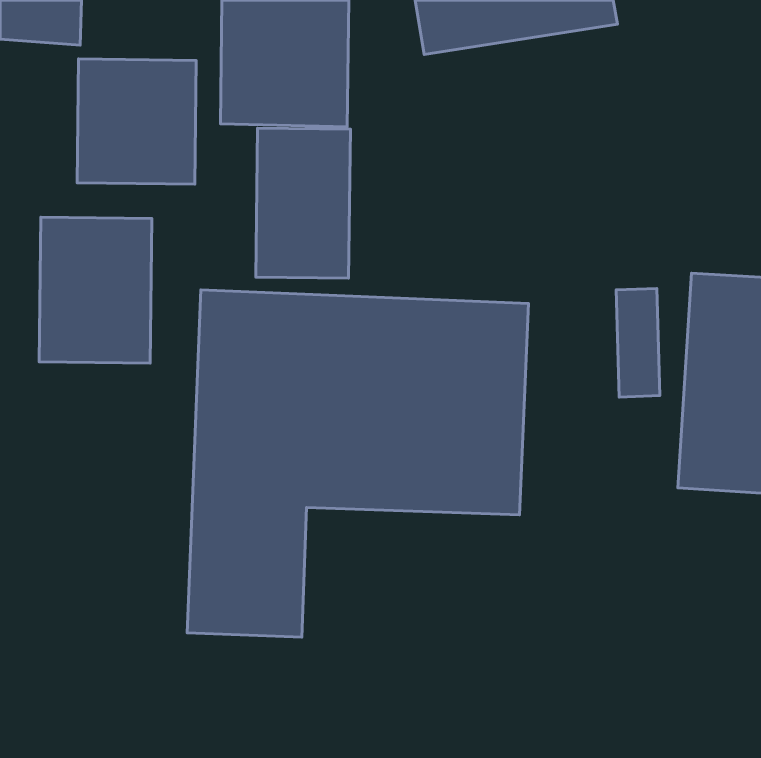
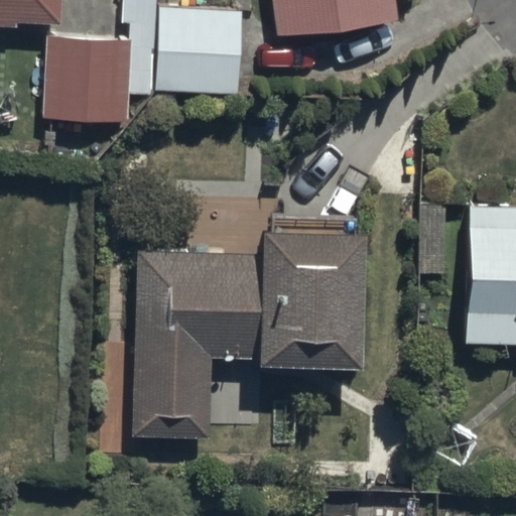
building: [256,128,350,278] -> none
building: [39,217,152,363] -> none

